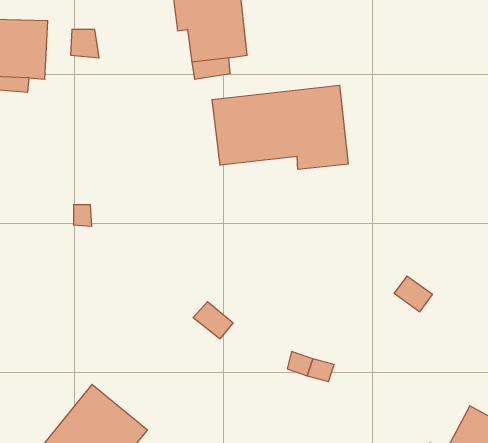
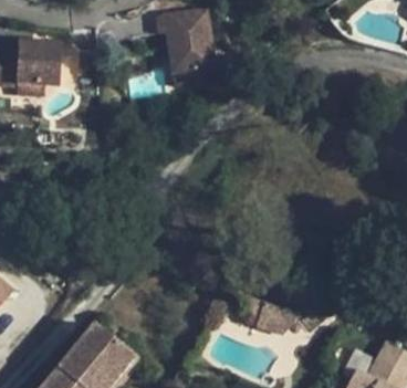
building: [212,85,348,169] -> none

